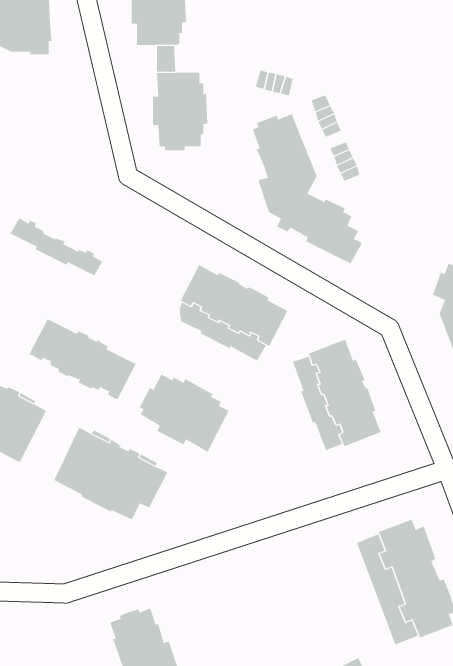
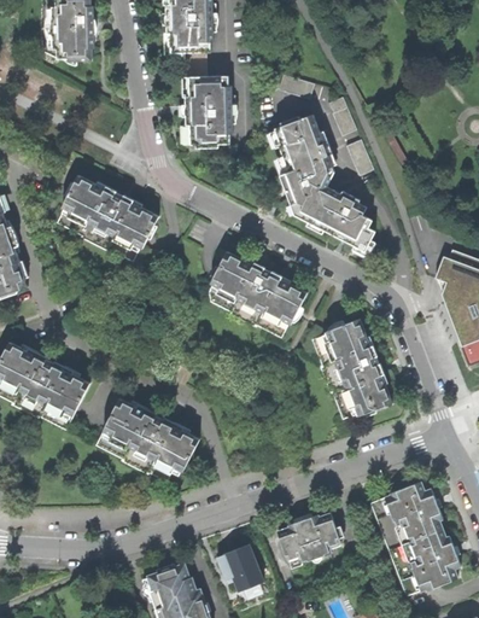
building: [29,318,137,400] -> [62,174,159,247]
building: [139,374,229,453] -> none
building: none -> [278,512,344,561]
building: none -> [217,543,263,589]

